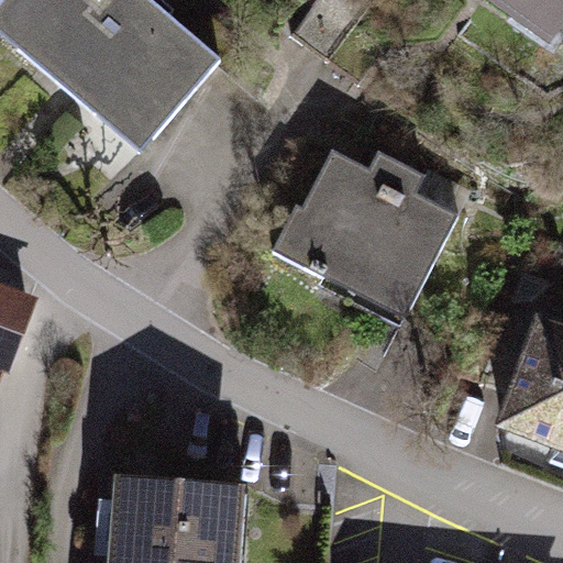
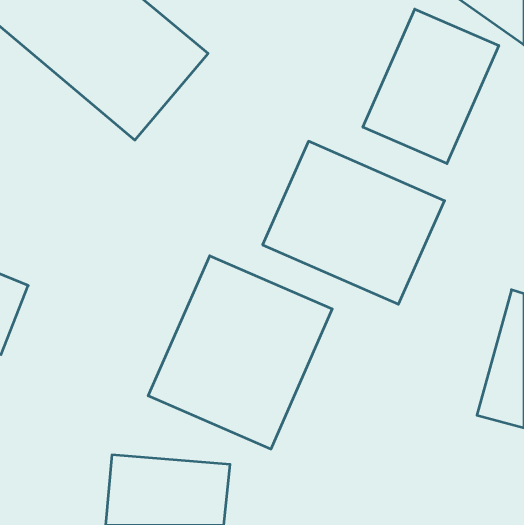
building: none -> [363,9,499,164]
building: none -> [148,256,332,449]

